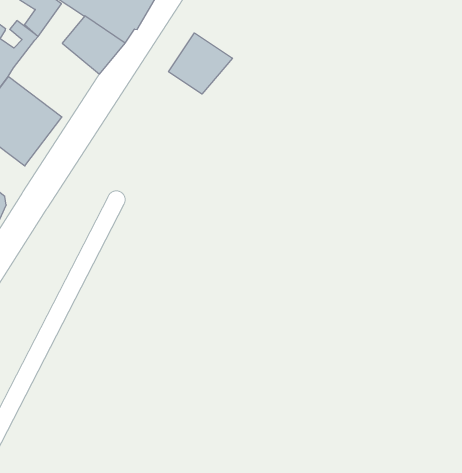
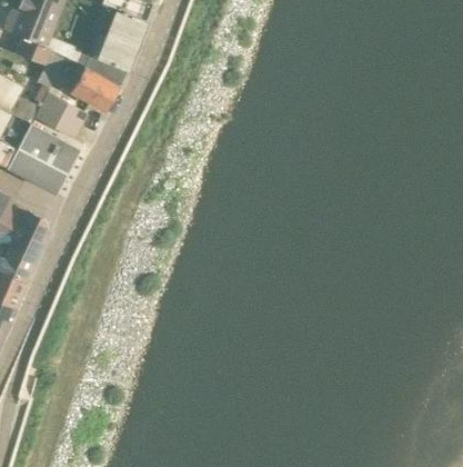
building: [169,33,232,94] -> none
building: none -> [34,91,87,138]

